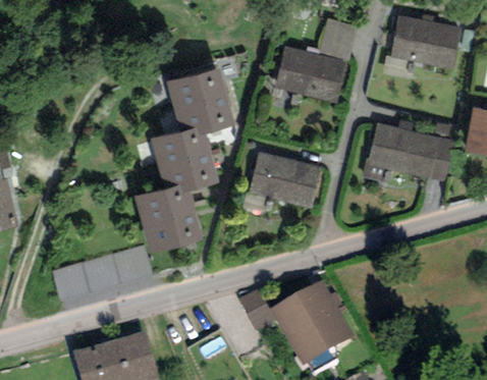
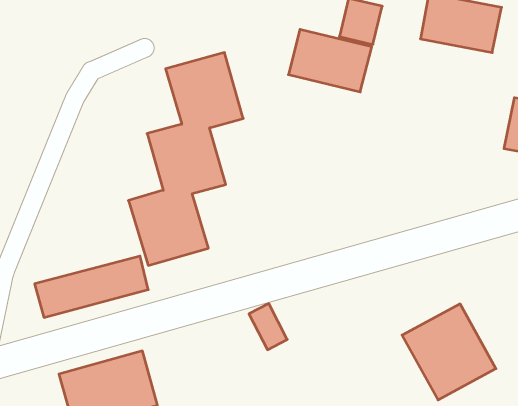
building: [363,123,453,182] -> none
building: [248,152,321,208] -> none
building: [270,279,353,364] -> [402,304,496,400]

